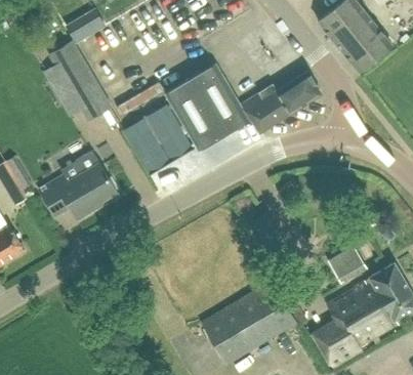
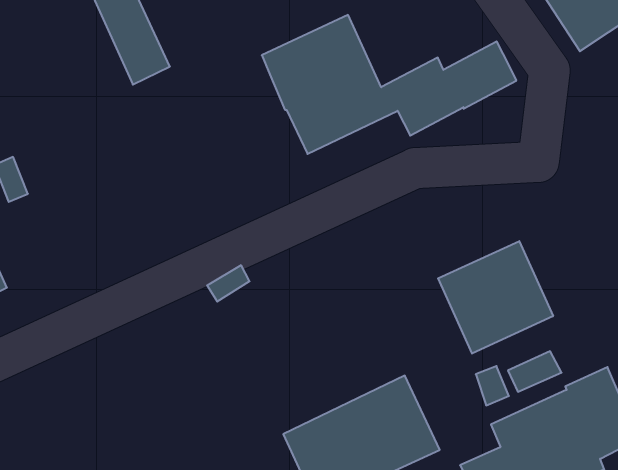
building: [123,95,193,173] -> none
building: [39,152,117,219] -> none
building: none -> [438,241,553,354]

